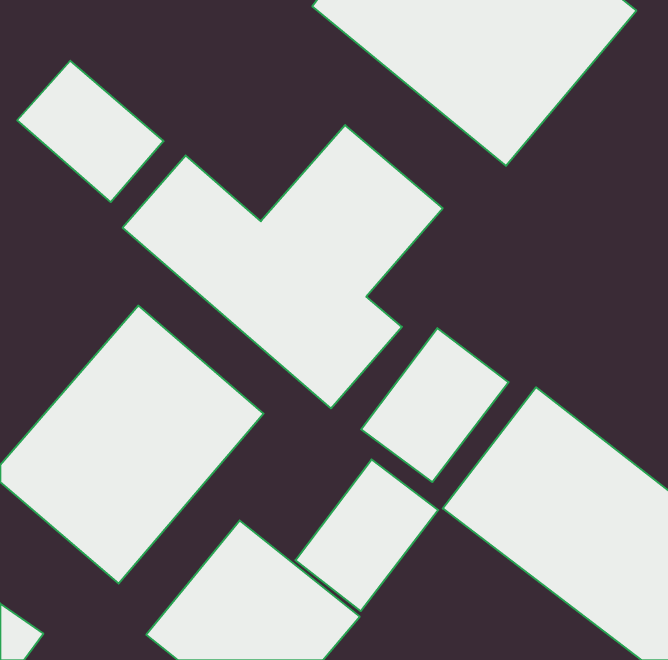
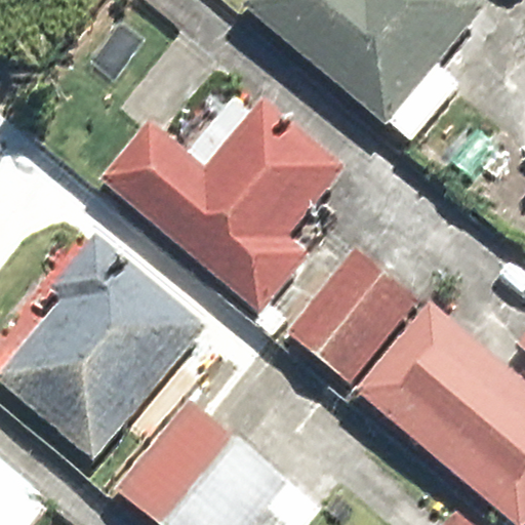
building: [17,61,164,202] -> none
building: [295,459,438,611] -> none

